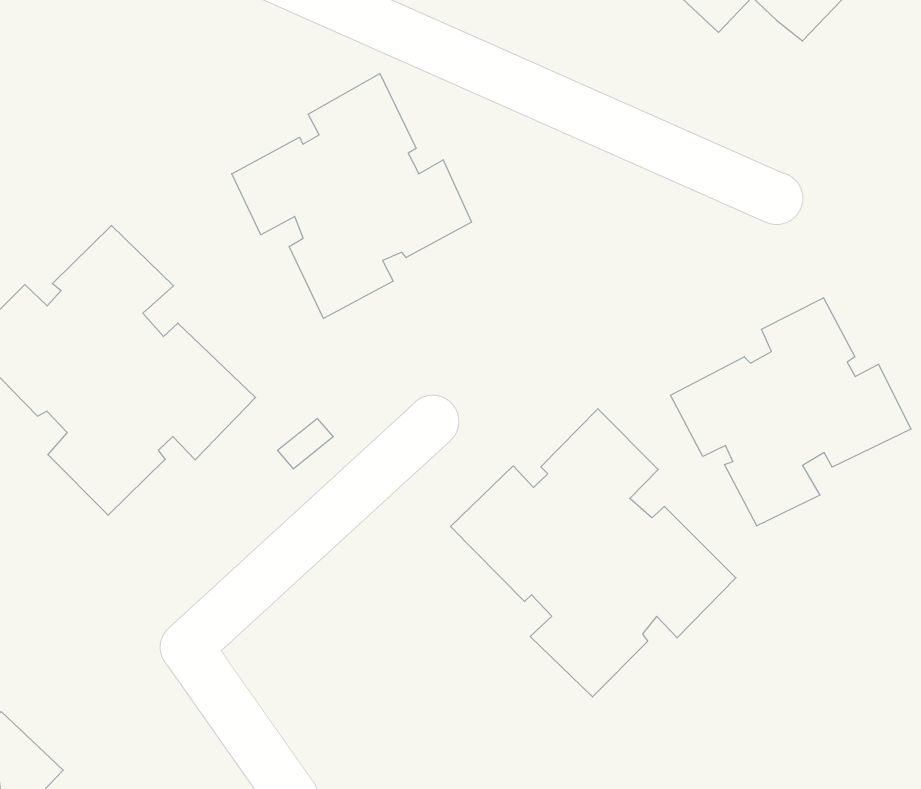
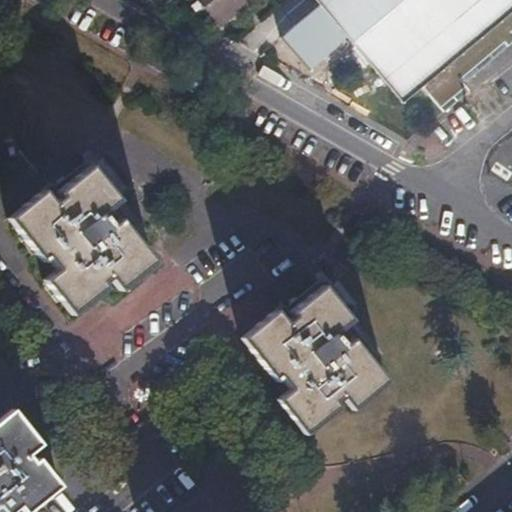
building: [232,74,471,319] -> none
building: [671,298,911,526] -> none

